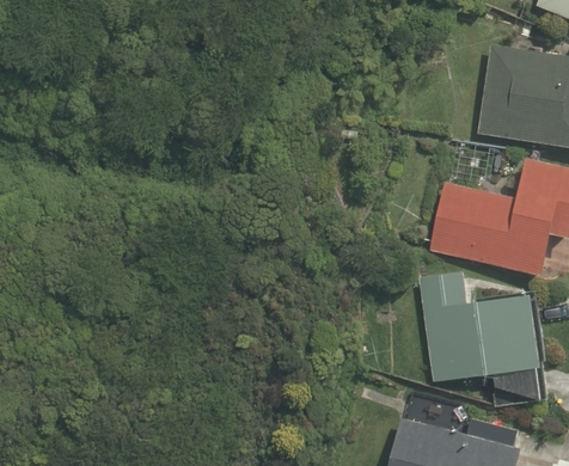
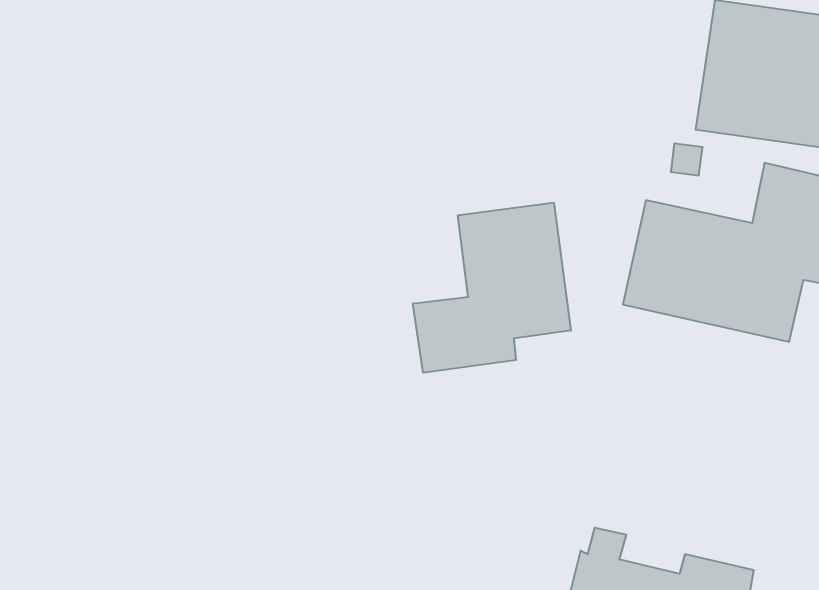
building: none -> [413,203,571,373]
building: [418,274,540,384] -> none

